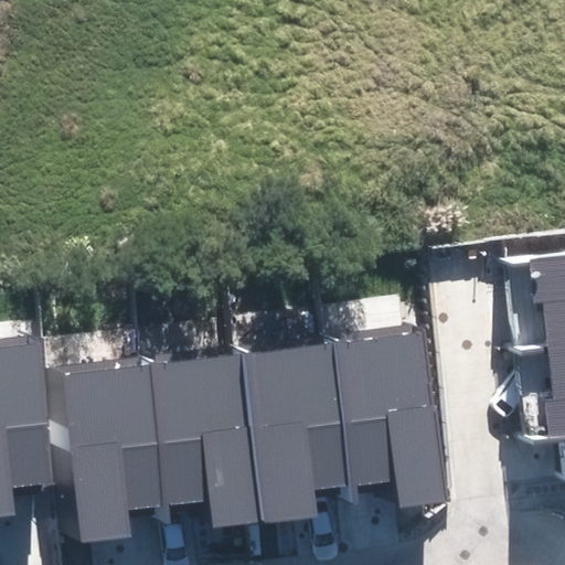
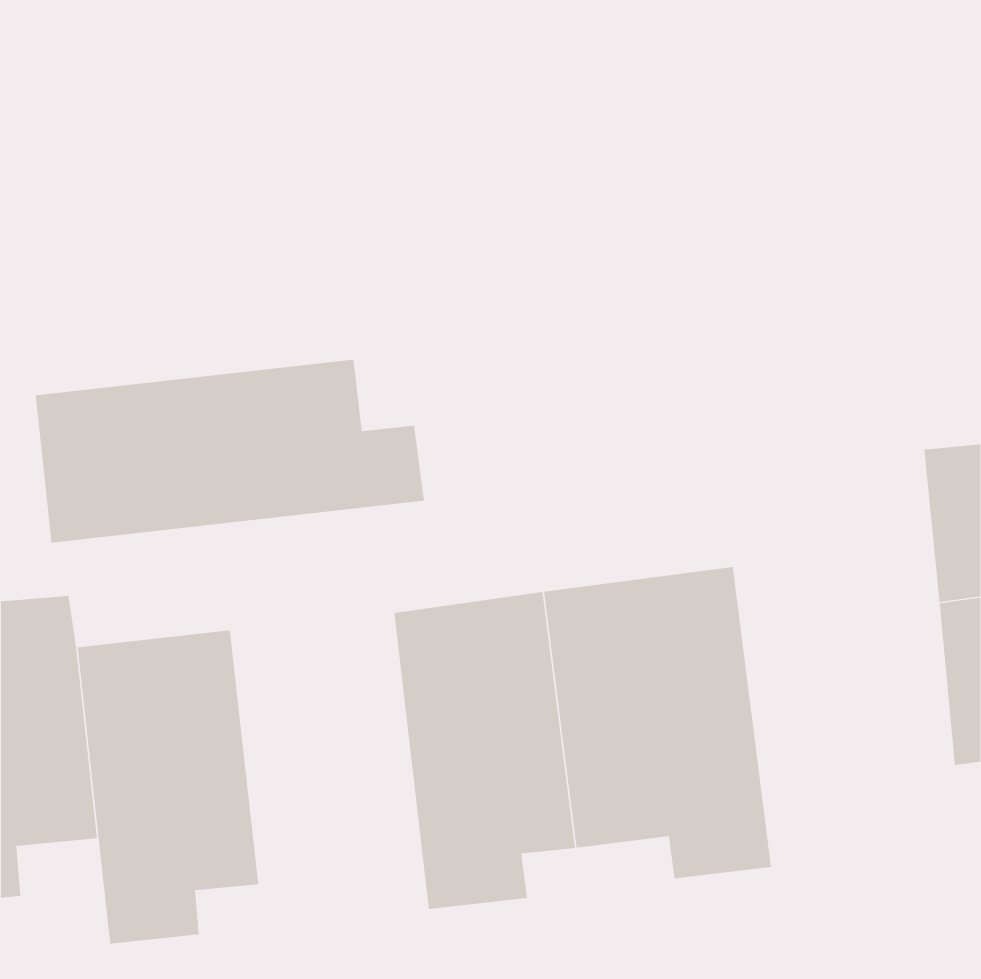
building: none -> [35,359,425,543]
building: [132,353,246,529] -> none

